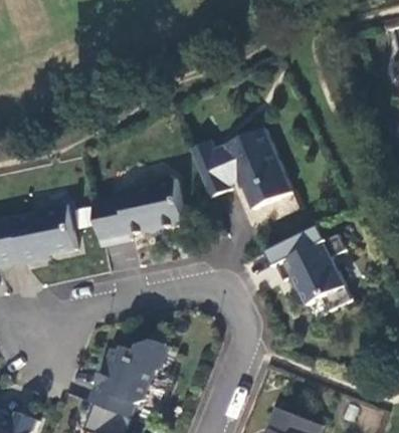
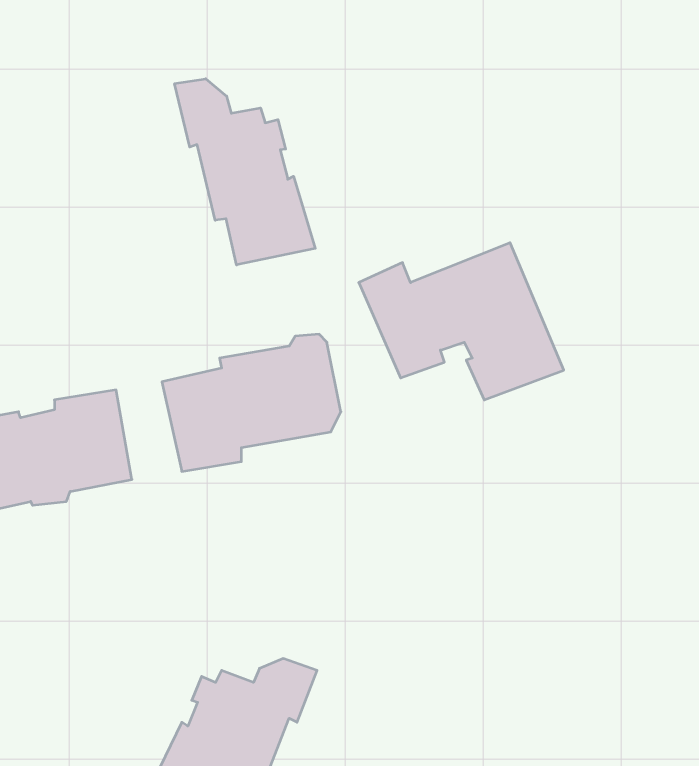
building: none -> [175,79,315,265]
building: [269,227,353,311] -> none

